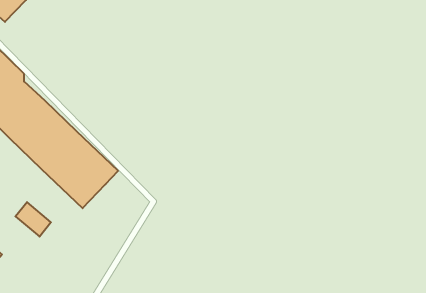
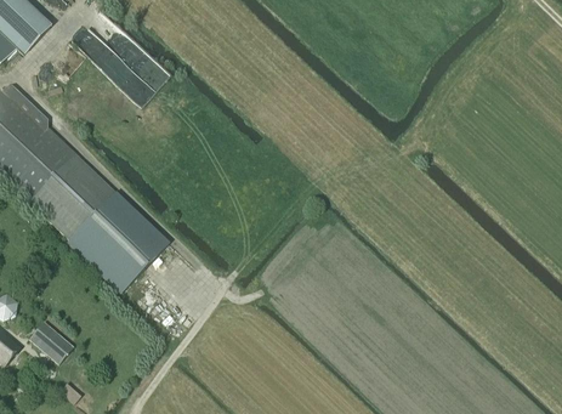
building: [15,202,51,237] -> [28,319,73,363]

